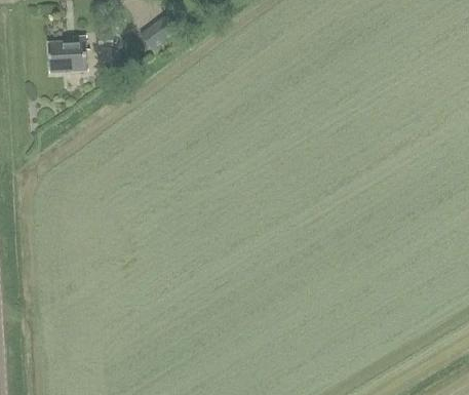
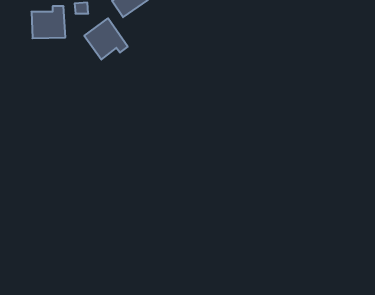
building: none -> [84,18,128,60]

